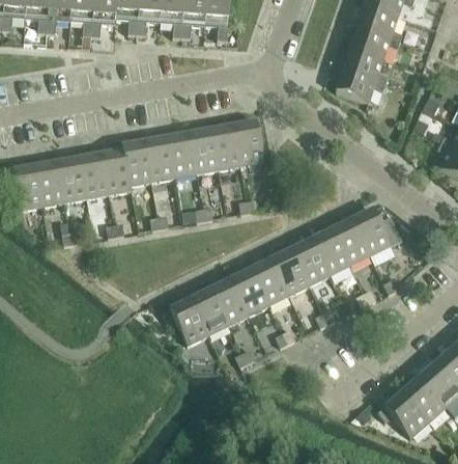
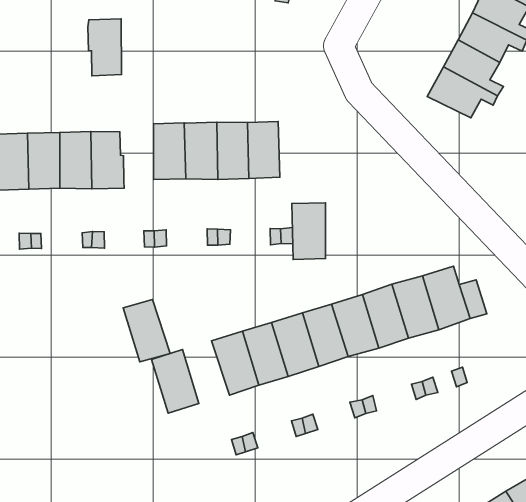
building: [233,120,263,164] -> [292,203,326,259]
building: [122,140,151,184] -> [88,19,121,76]
building: [191,288,229,333] -> [123,299,170,362]

